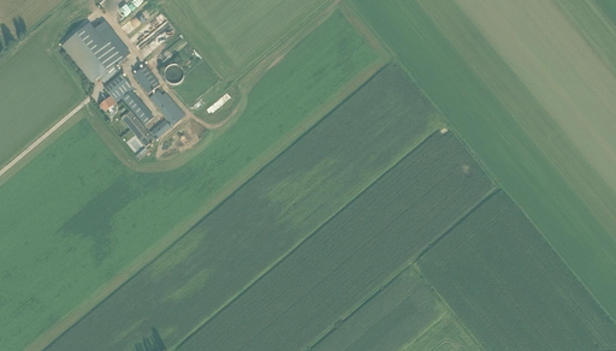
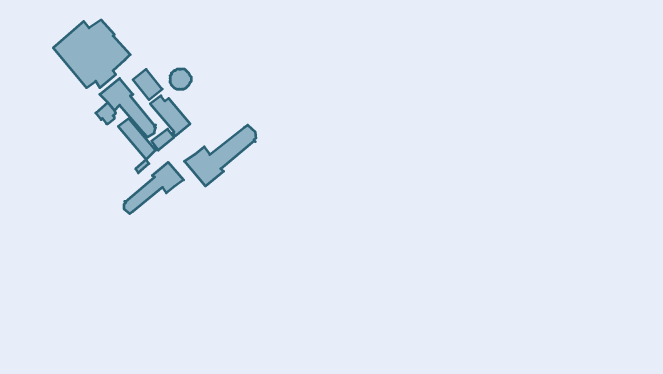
building: none -> [184,125,256,186]
building: none -> [124,162,184,214]

